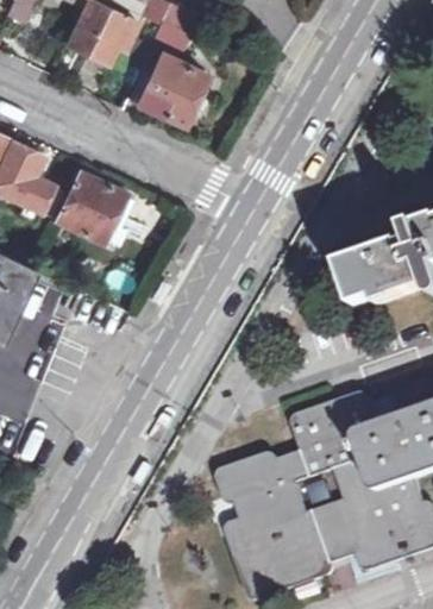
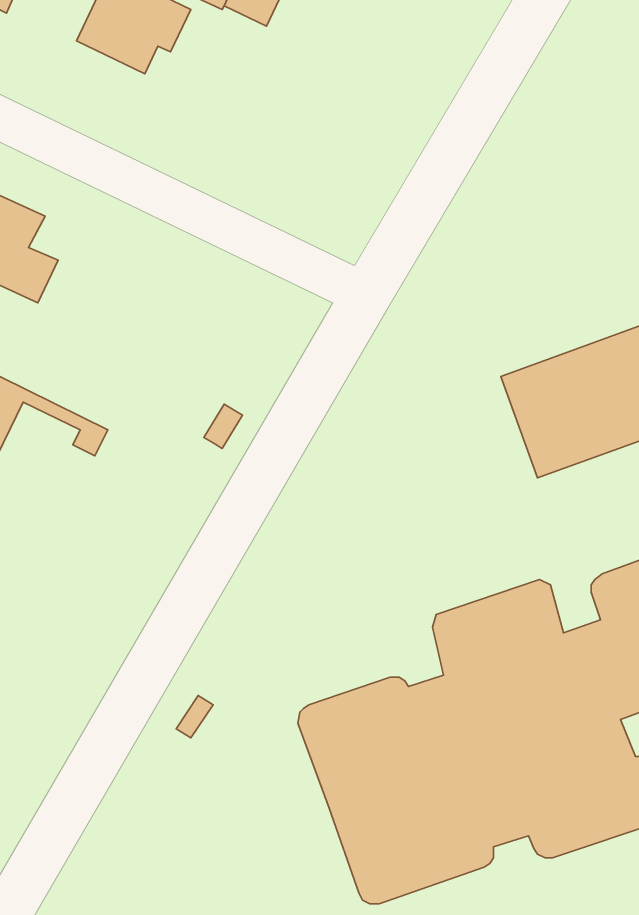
building: [117,43,206,120] -> none
building: [40,167,124,238] -> none

